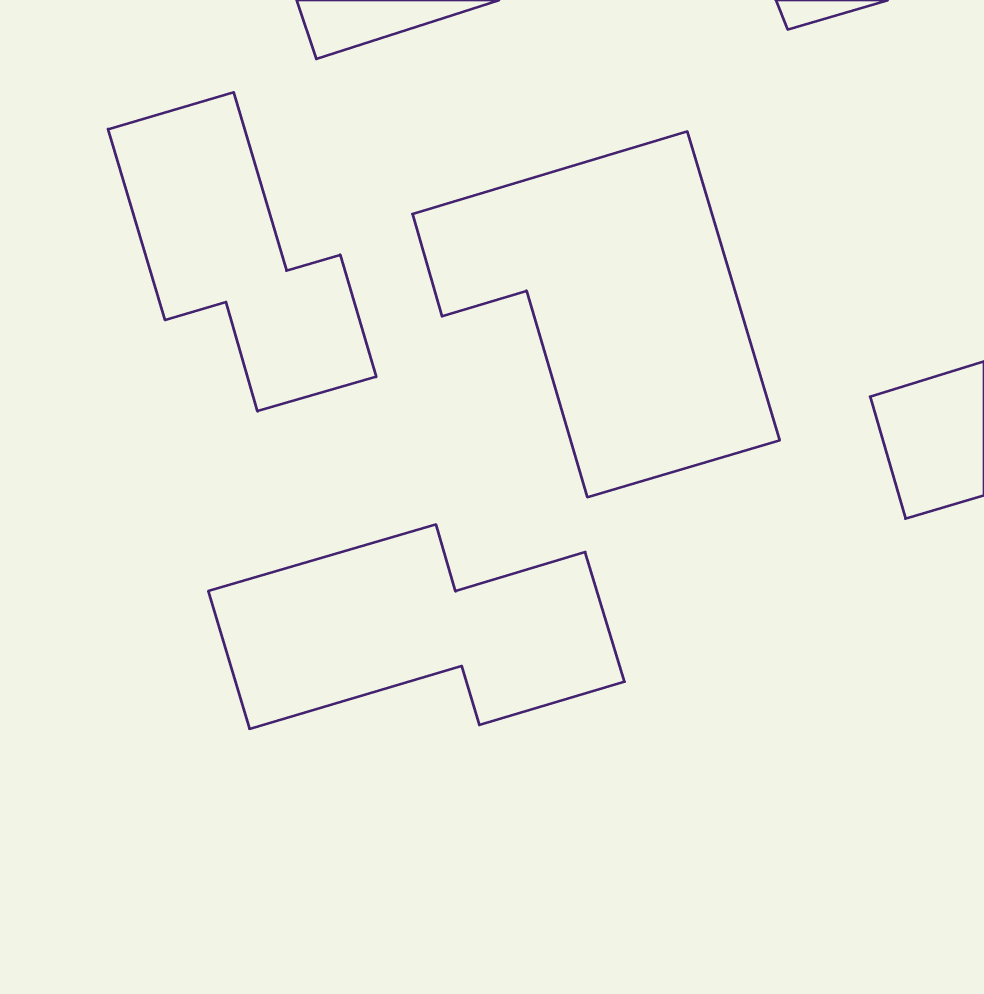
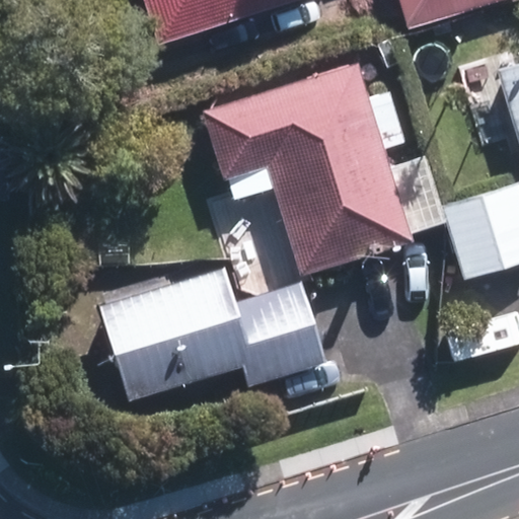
building: [108,92,376,411] -> none

